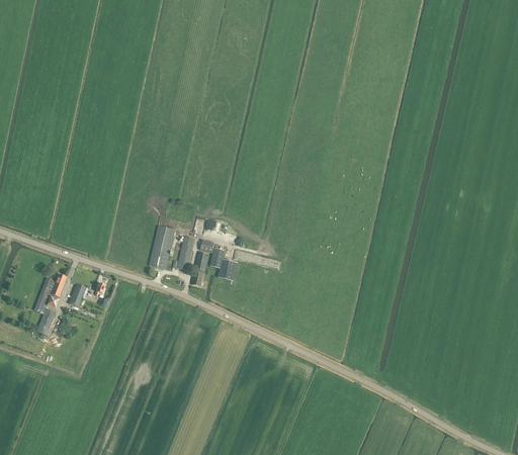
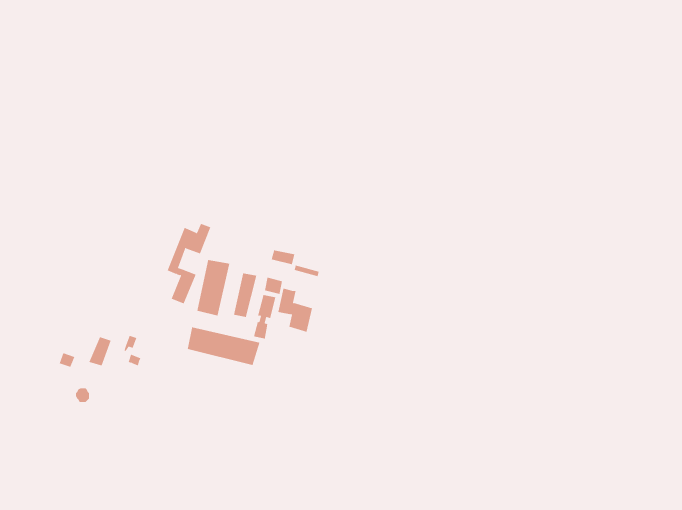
building: [33,273,67,334] -> [167,223,211,304]
building: none -> [187,327,260,366]

